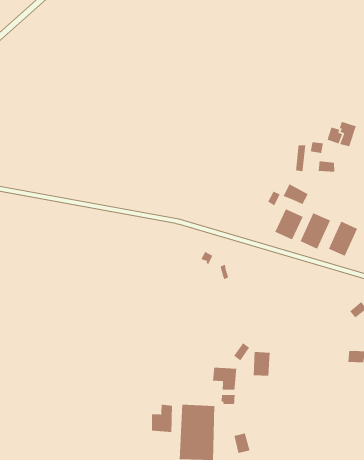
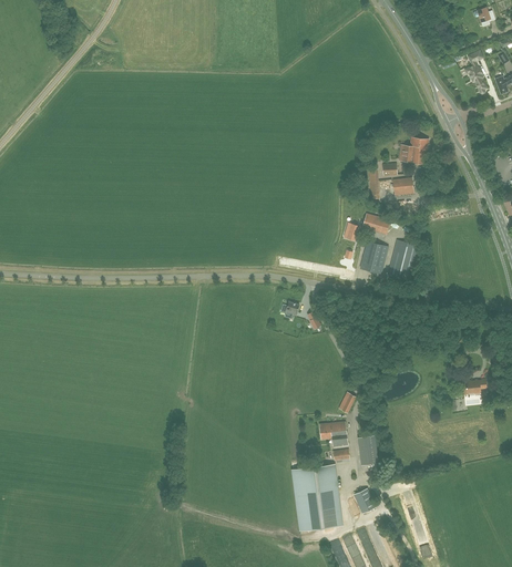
building: [328,221,358,257] -> none
building: [253,351,270,377] -> [356,434,377,463]
building: [151,404,173,433] -> none

